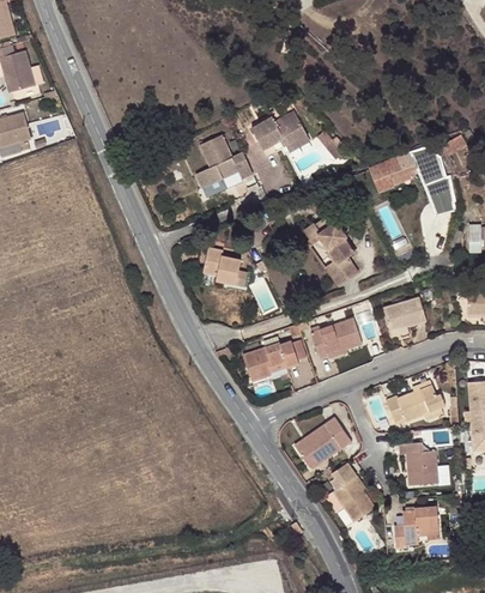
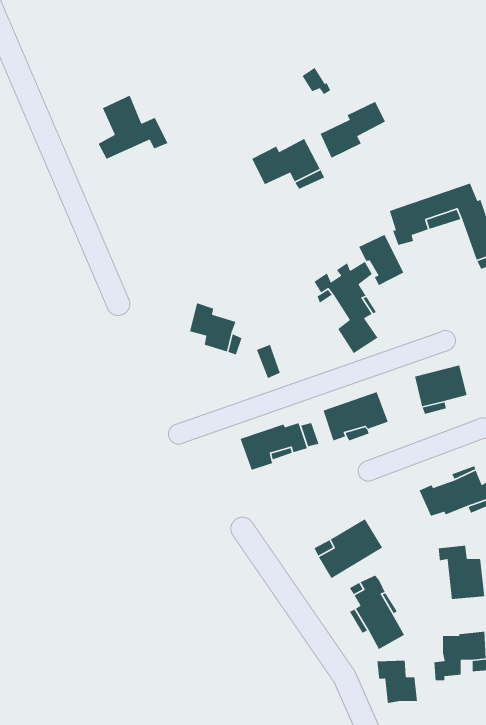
building: none -> [319,101,386,159]
building: [192,135,249,188] -> [97,95,168,160]
building: none -> [358,234,404,286]
building: none -> [376,660,418,704]

